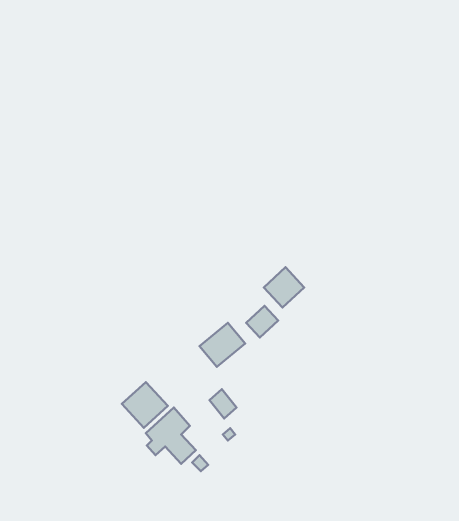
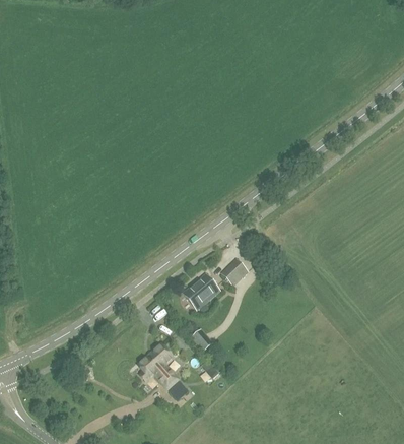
building: [264,267,304,308] -> none
building: [122,382,168,428] -> none

